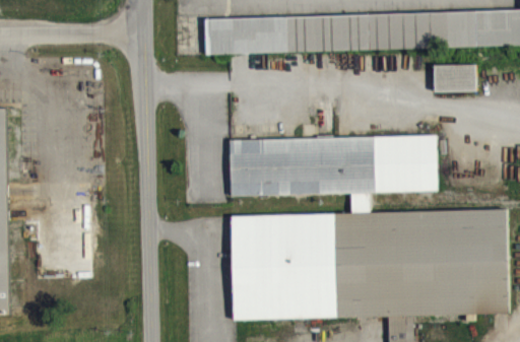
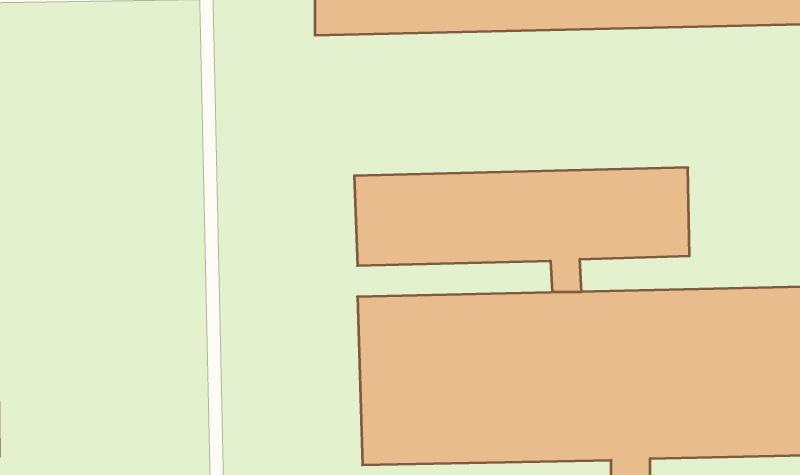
building: [433,64,474,91] -> none

